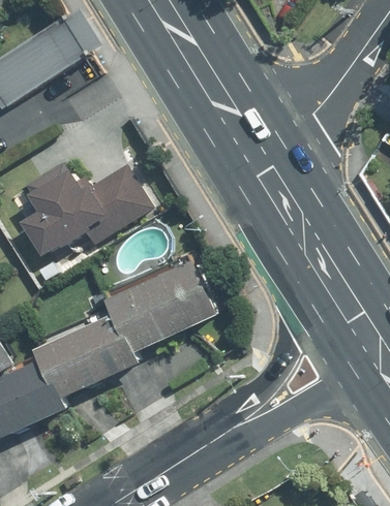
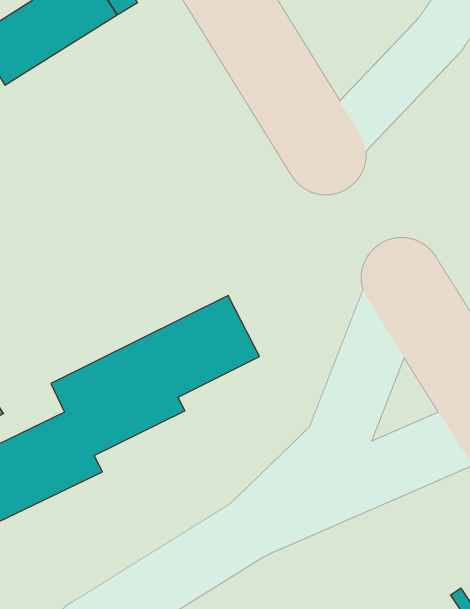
building: [28,152,168,244] -> none

